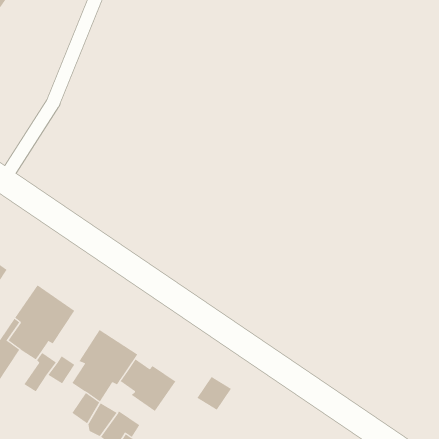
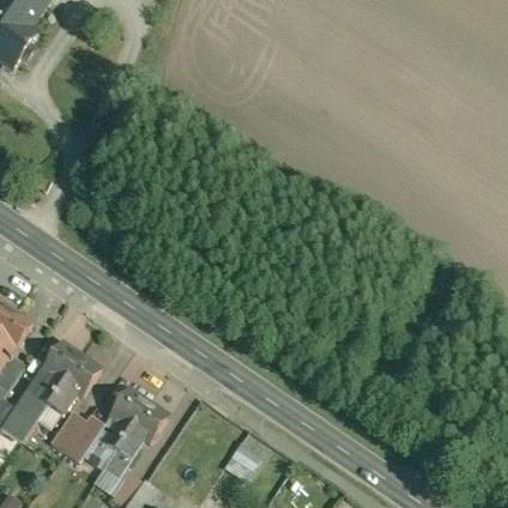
building: [120,358,176,412] -> none

